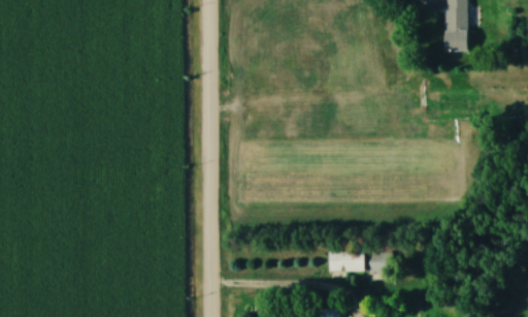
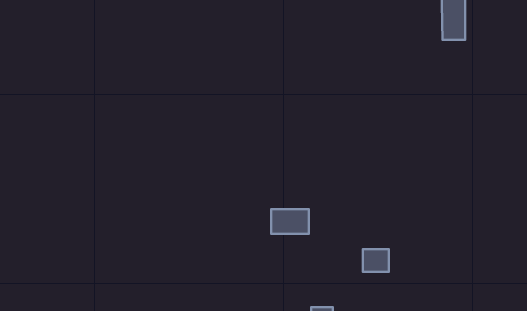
building: [328,248,364,272] -> [271,209,309,234]

